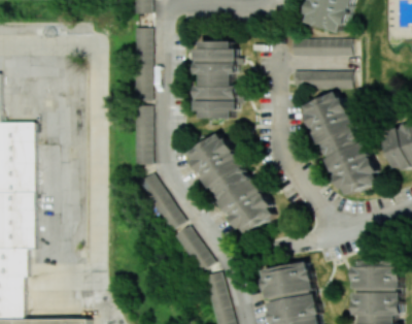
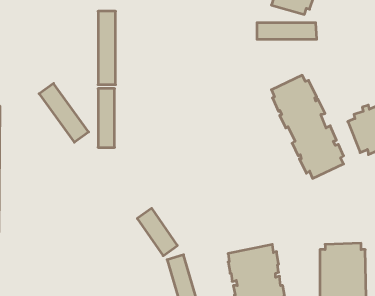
building: [193,41,239,119] -> none
building: [289,71,348,88] -> none
building: [188,133,272,234] -> none
building: [133,173,182,232] -> [39,83,89,142]

